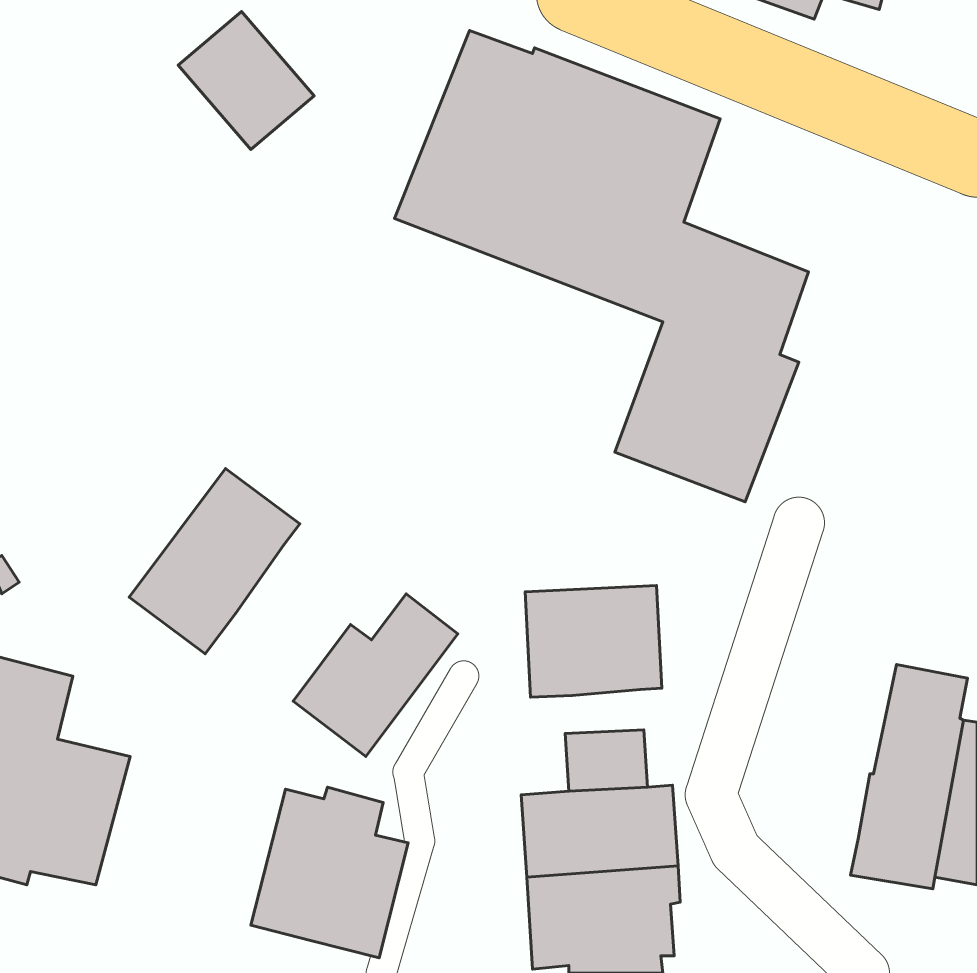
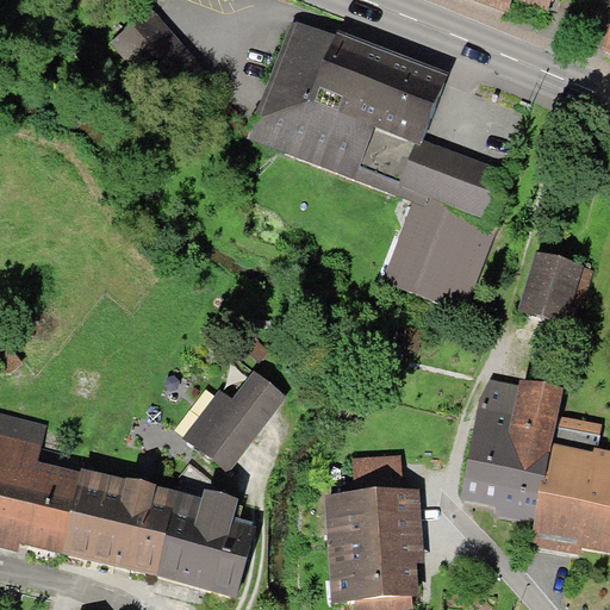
building: none -> [518,250,592,326]
building: [129,469,300,654] -> none
building: [525,586,662,697] -> none
building: none -> [462,378,564,522]
building: none -> [60,466,178,575]

